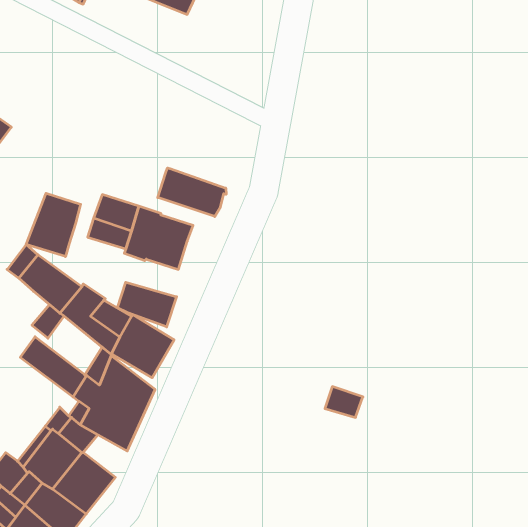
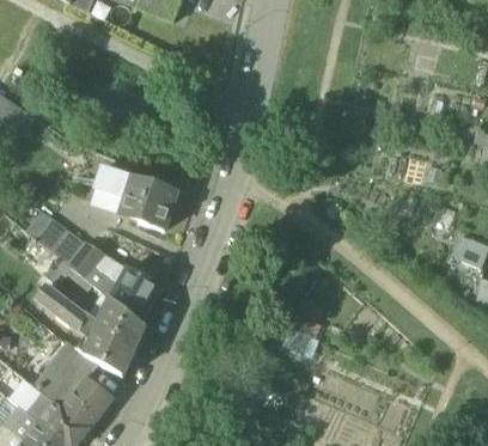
building: [158,168,226,217] -> none
building: [26,193,81,257] -> none
building: [118,282,177,327] -> none

